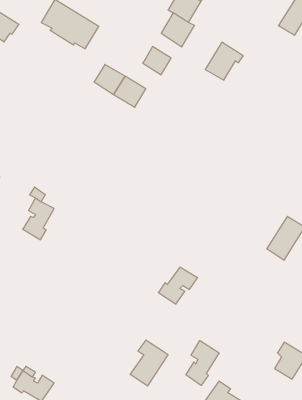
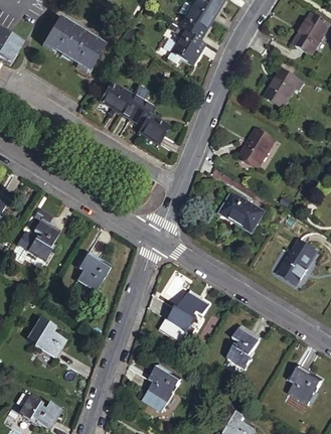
building: [205,42,243,80] -> [264,67,303,107]
building: [143,47,171,75] -> [141,115,170,144]
building: none -> [245,129,279,166]
building: none -> [222,193,265,233]
building: none -> [77,250,112,288]
building: none -> [29,322,65,361]
building: [186,341,219,385] -> [226,323,261,370]

